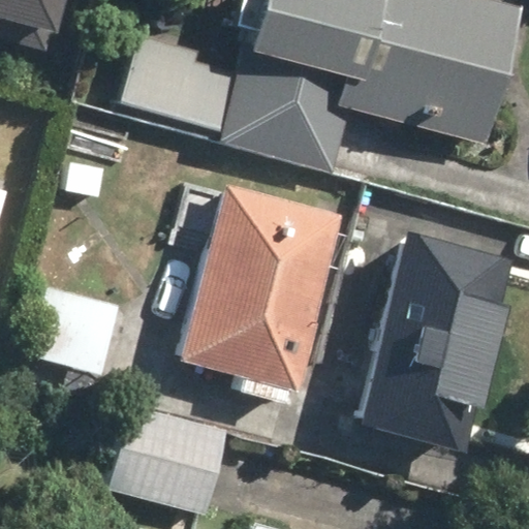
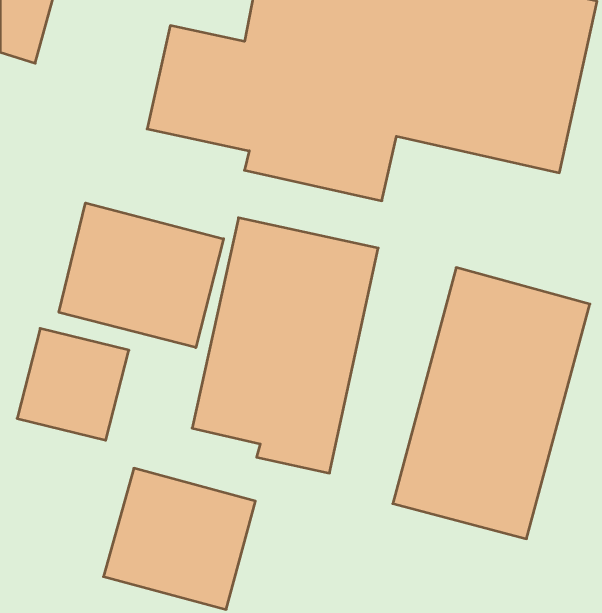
building: none -> [59,203,224,348]

